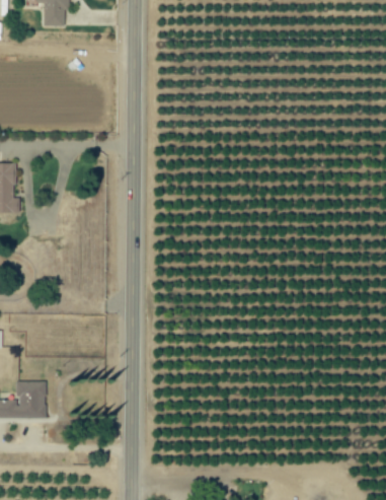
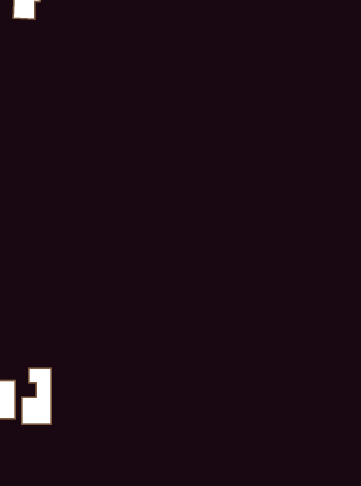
building: none -> [22,368,51,424]

